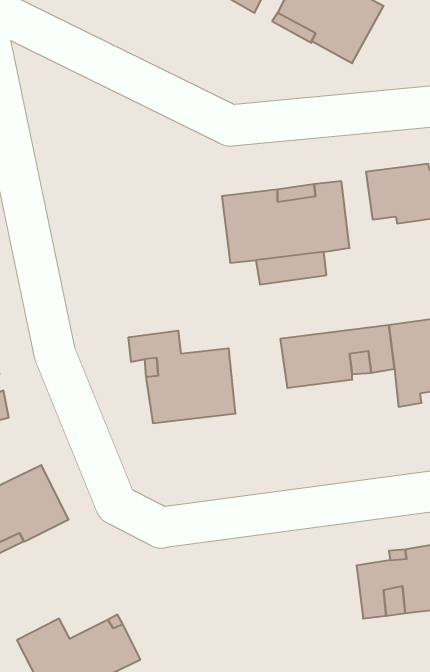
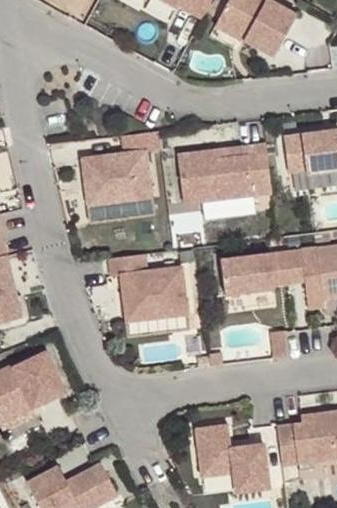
building: none -> [81,130,160,205]
building: none -> [200,424,274,492]

